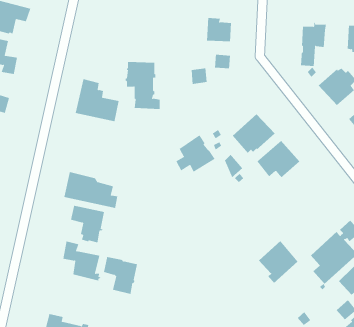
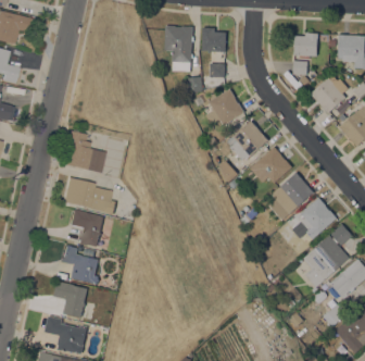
building: [125,61,161,109] -> [164,25,199,72]
building: [75,78,120,122] -> [62,130,105,173]
building: [175,134,216,172] -> [206,88,246,125]
building: none -> [273,172,315,214]
building: [258,240,298,284] -> [298,197,337,239]
building: [103,256,138,294] -> [54,281,88,318]

